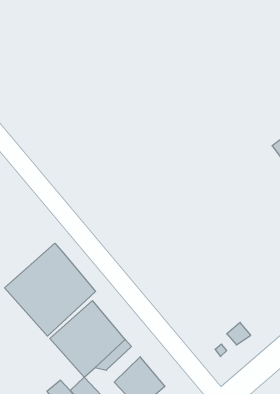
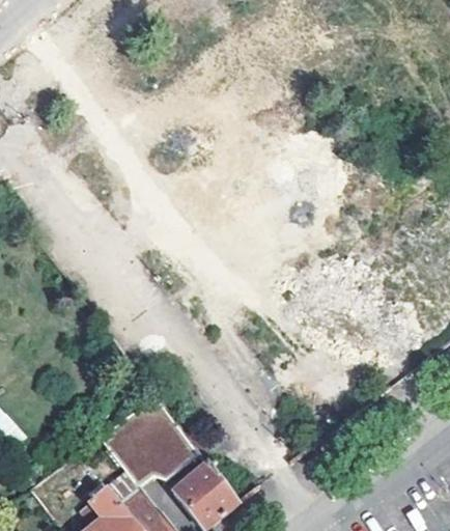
building: [5,243,96,336] -> none

